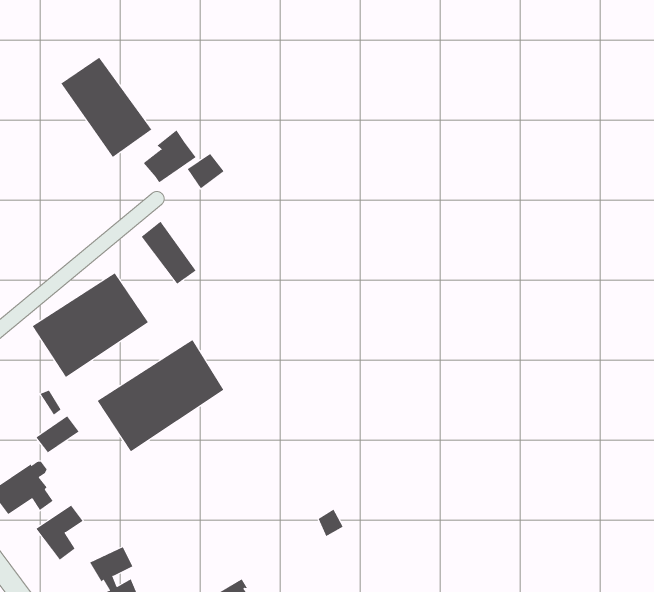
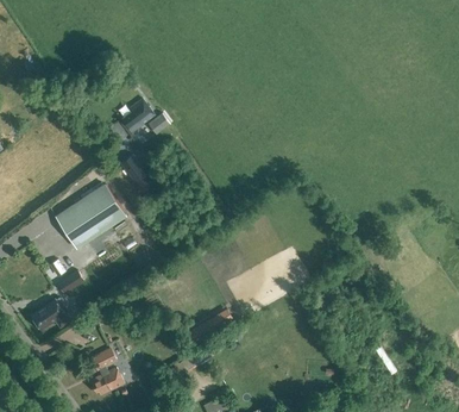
building: [60,57,152,158] -> none
building: [97,339,224,452] -> none

